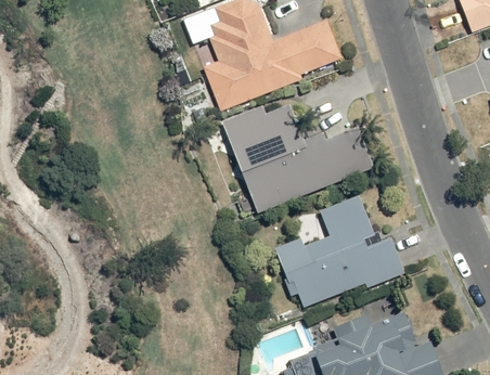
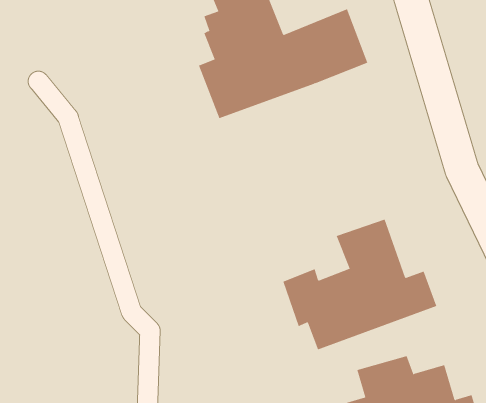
building: [223,102,376,210] -> none

